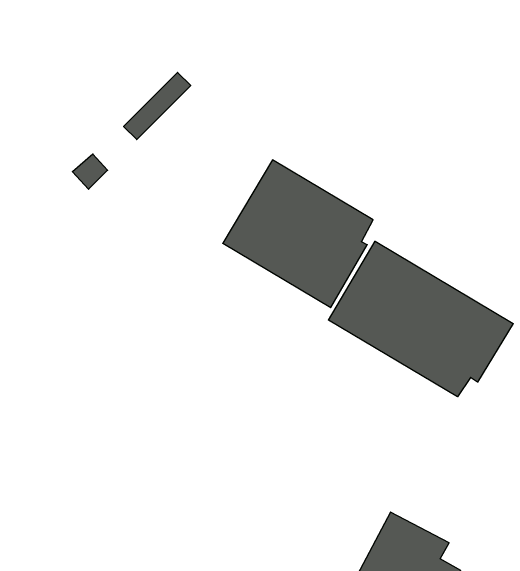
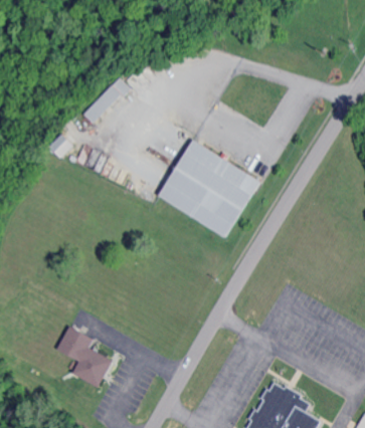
building: [328,241,513,397] -> none
building: none -> [55,328,112,388]

